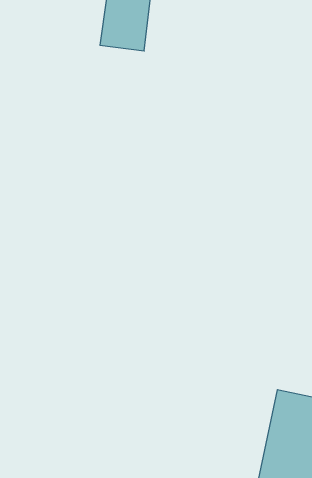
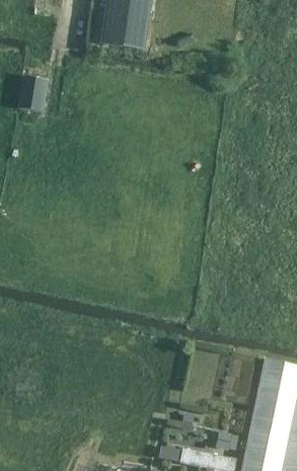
building: none -> [17,76,47,112]

